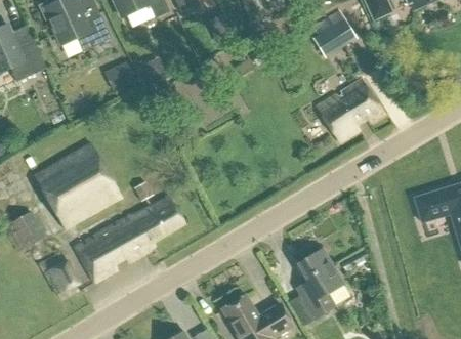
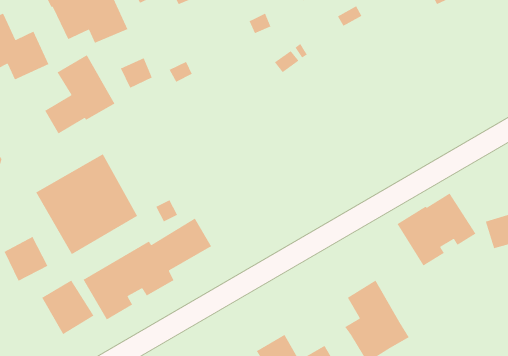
building: [315,16,359,56] -> none
building: none -> [44,54,116,135]
building: [317,78,384,140] -> [396,192,476,266]

